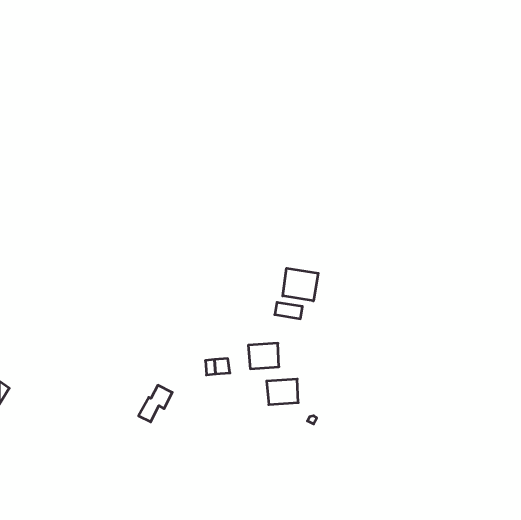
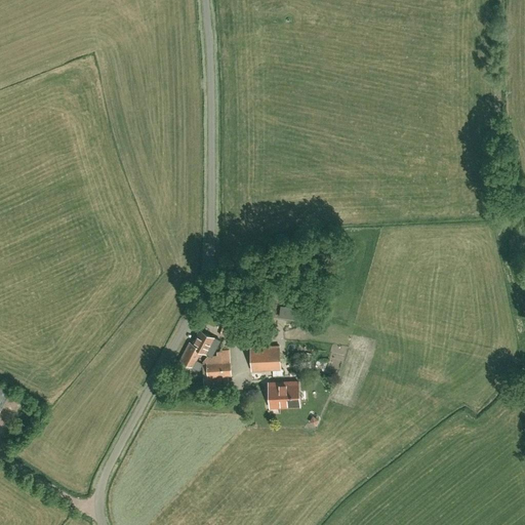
building: [283,268,318,301] -> none
building: [139,385,172,422] -> [179,331,213,368]

